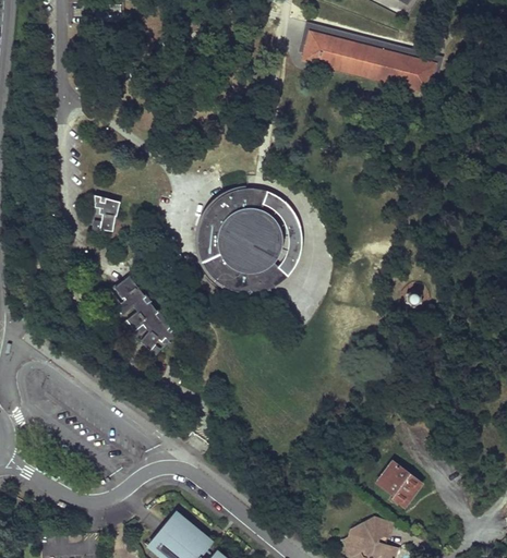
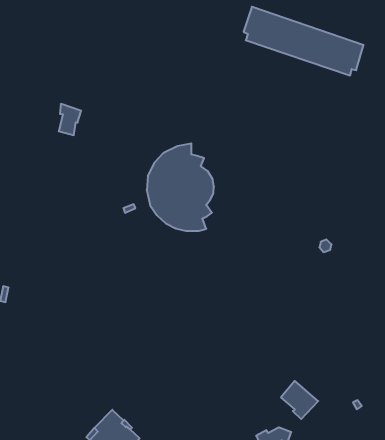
building: [246,187,302,288] -> none
building: [95,195,120,231] -> [59,104,81,135]
building: [114,276,177,352] -> none

